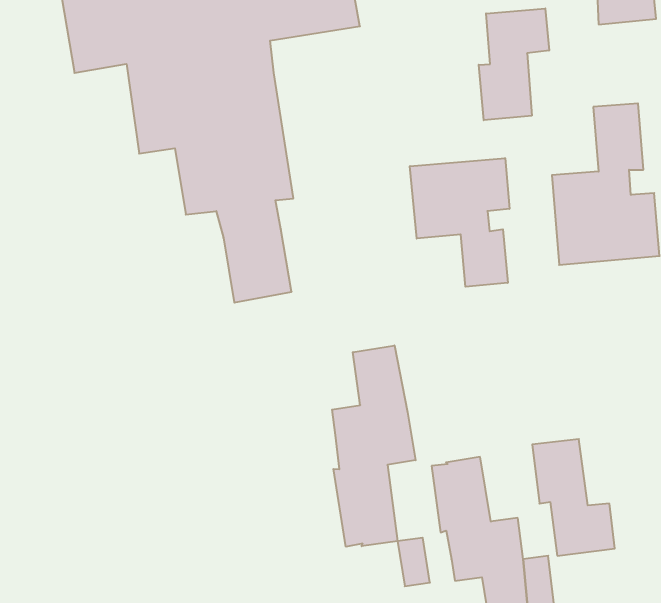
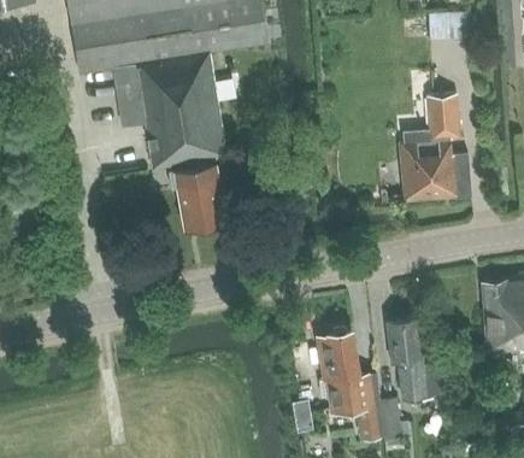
building: [479,8,549,120] -> none
building: [410,158,509,287] -> none
building: [332,345,416,547] -> none

